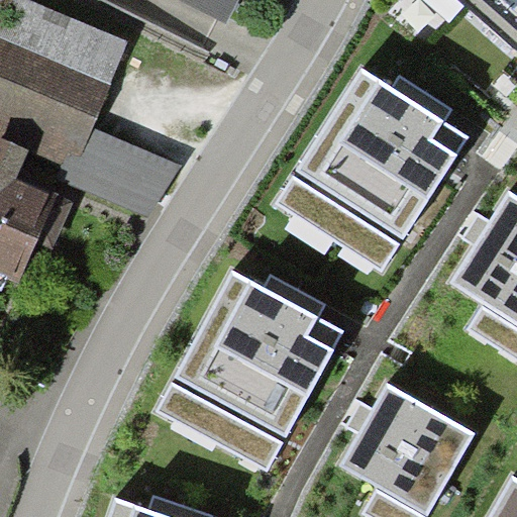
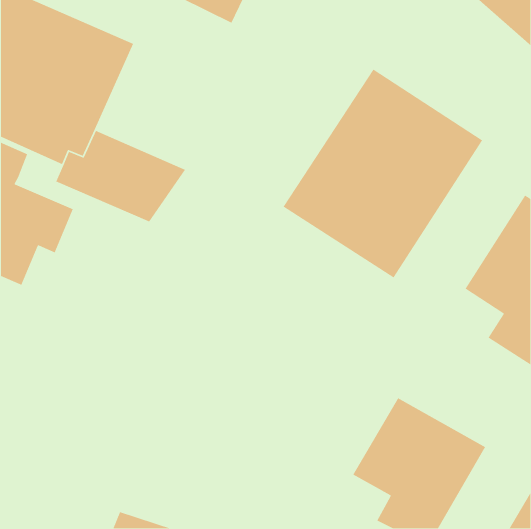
building: [157,270,343,470] -> none

